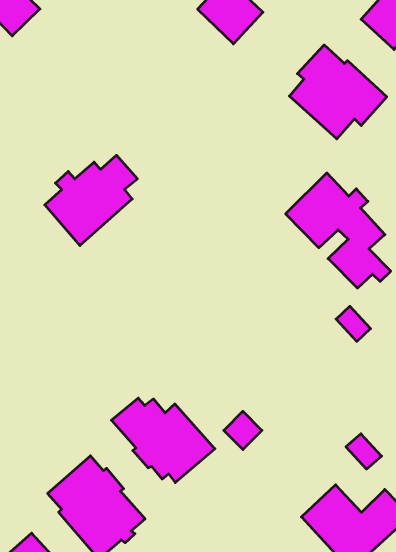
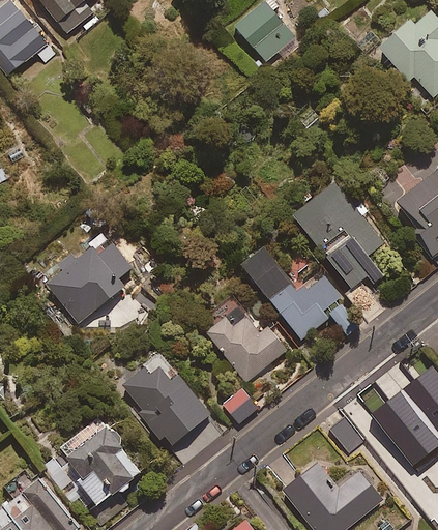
building: [289,45,387,139] -> none
building: [45,155,137,246] -> [48,247,133,325]
building: none -> [244,249,340,338]
building: none -> [207,307,286,381]

